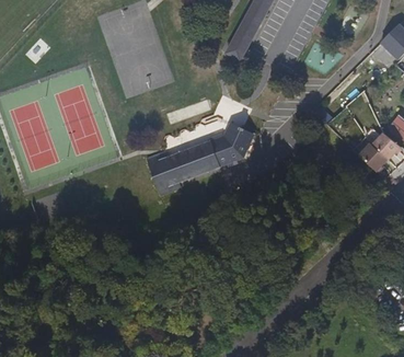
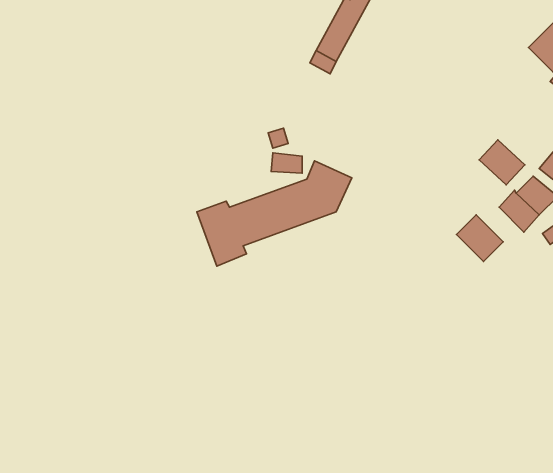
building: none -> [479,140,525,185]
building: none -> [456,215,503,261]

